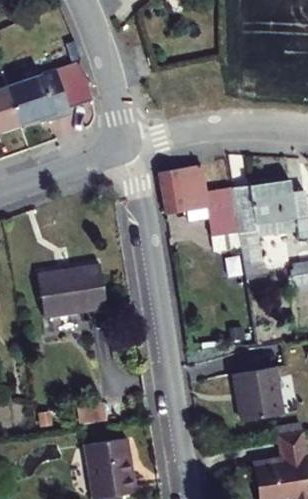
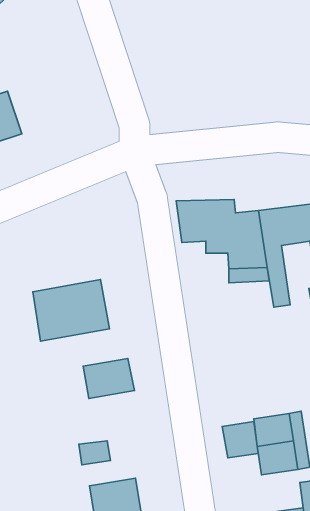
building: [12,67,77,122] -> none
building: none -> [83,359,134,399]
building: none -> [222,422,258,458]

